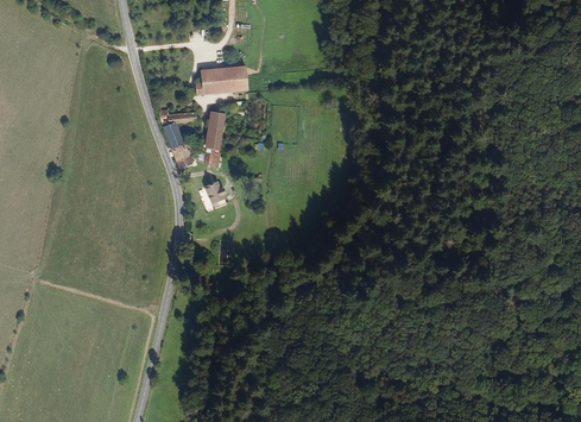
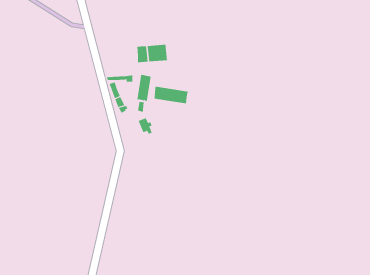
building: none -> [154,86,189,104]

